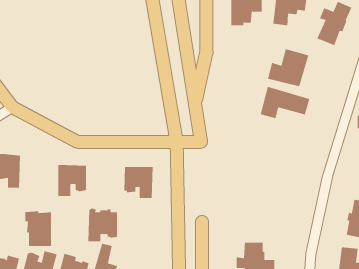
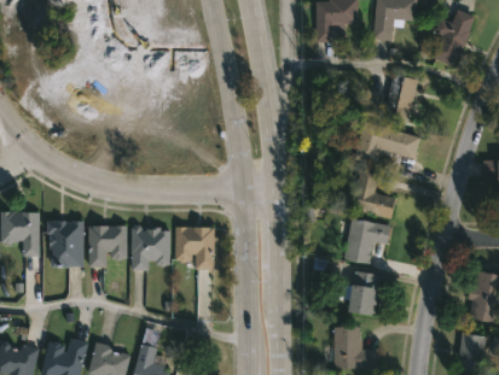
building: none -> [349,169,396,219]
building: none -> [343,217,391,265]
building: none -> [336,270,382,316]
building: [88,208,118,242] -> [130,225,170,270]
building: [24,211,52,247] -> [47,219,83,266]

